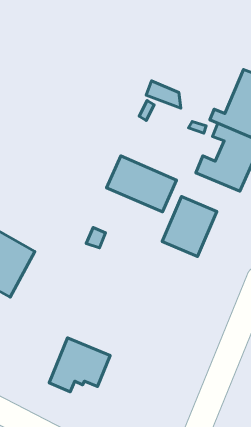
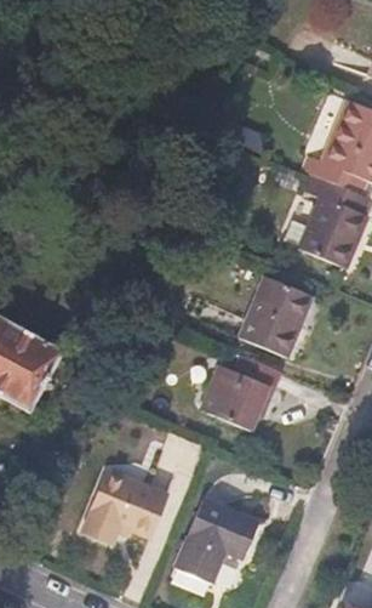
building: [107,156,177,212] -> none
building: none -> [199,356,281,431]
building: none -> [174,496,259,583]

